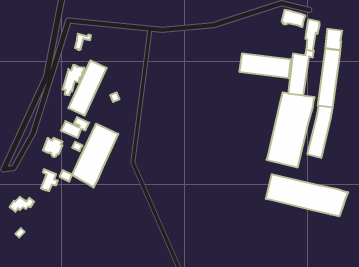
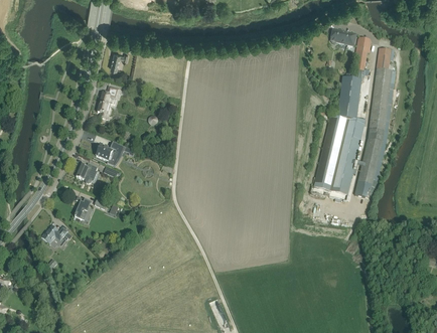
building: [240,53,291,78] -> none
building: [68,60,107,116] -> none
building: [72,124,118,188] -> none
building: [266,174,348,216] -> none

